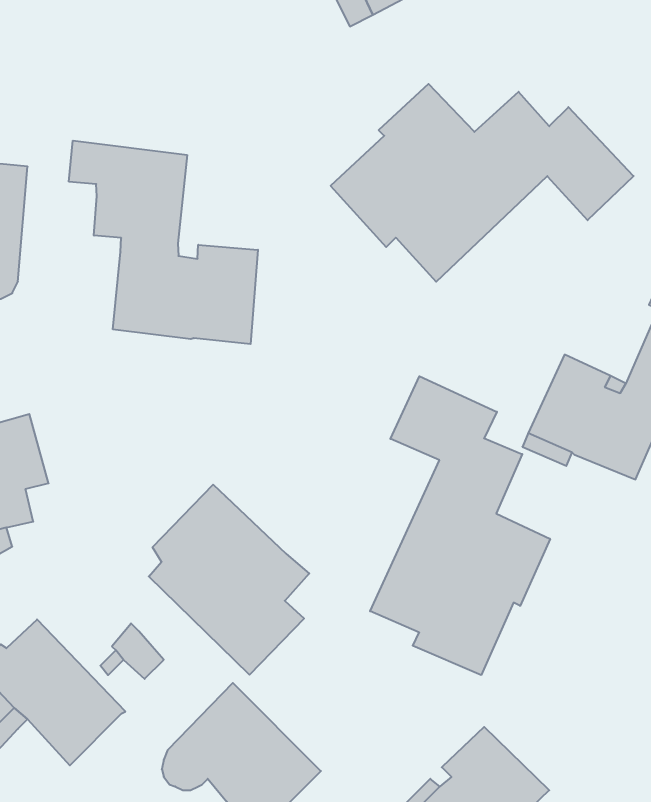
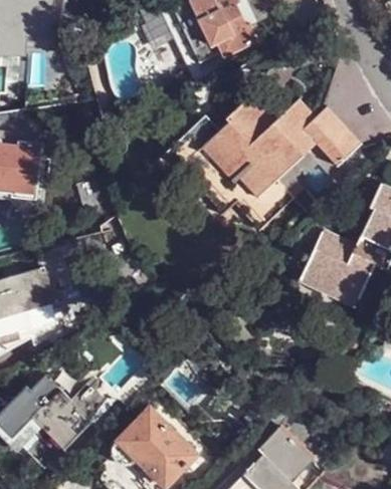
building: [69,141,258,344] -> none
building: [370,376,550,675] -> none
building: [149,485,309,675] -> none

